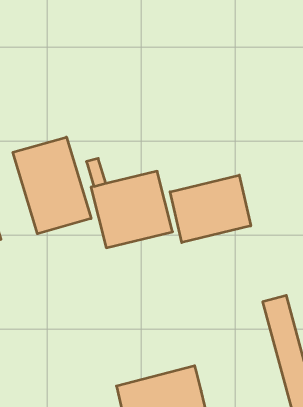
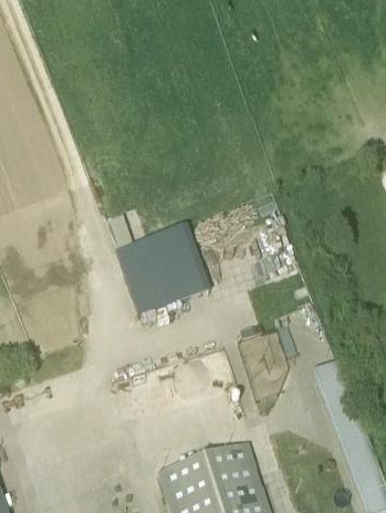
building: [13,137,91,234] -> none
building: [170,175,251,243] -> none

